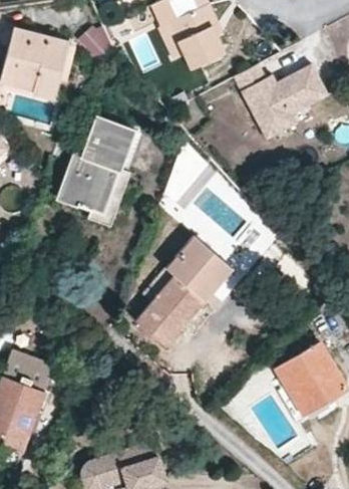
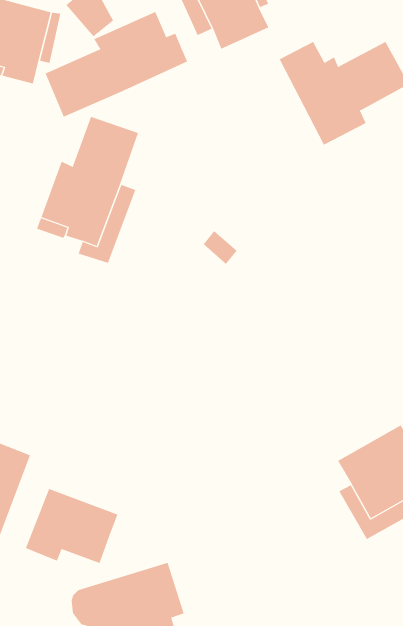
building: none -> [45,11,188,118]
building: [134,235,232,347] -> none
building: none -> [25,488,118,564]

